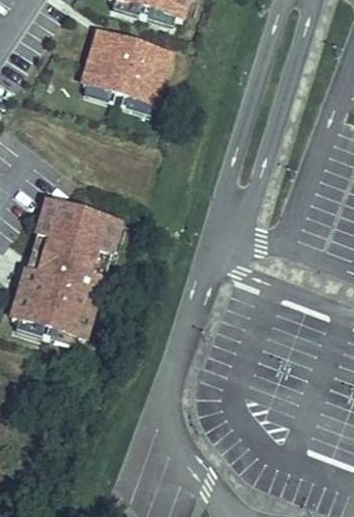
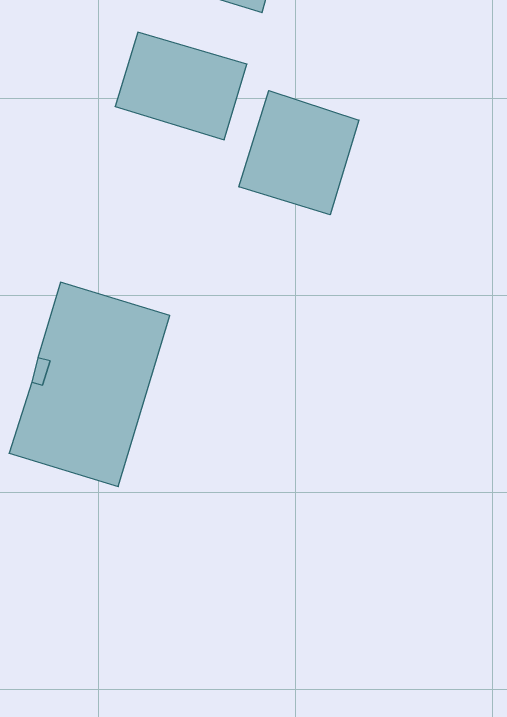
building: none -> [239,91,359,215]

